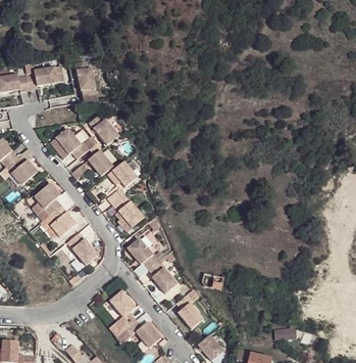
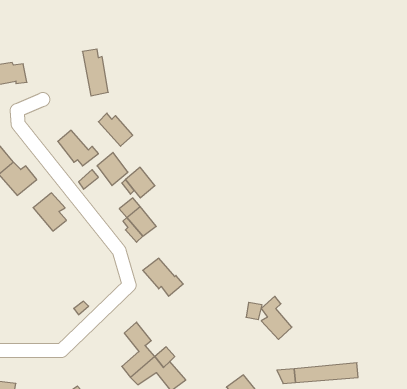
building: [27,67,57,91] -> none
building: [51,206,78,237] -> none
building: [67,231,97,264] -> none
building: [147,259,177,292] -> none
building: [175,291,201,327] -> [261,296,292,339]

